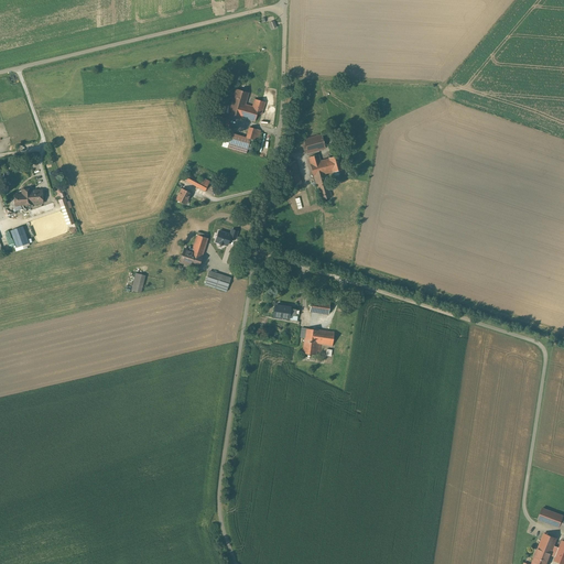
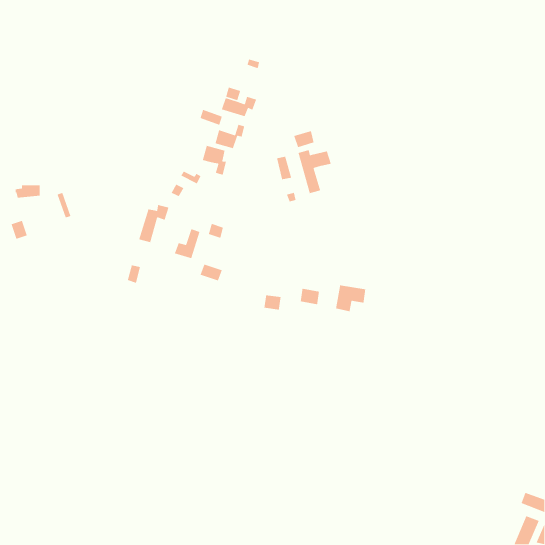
building: none -> [202,145,227,176]
building: none -> [138,204,169,243]
building: [302,327,334,356] -> [335,284,366,312]

